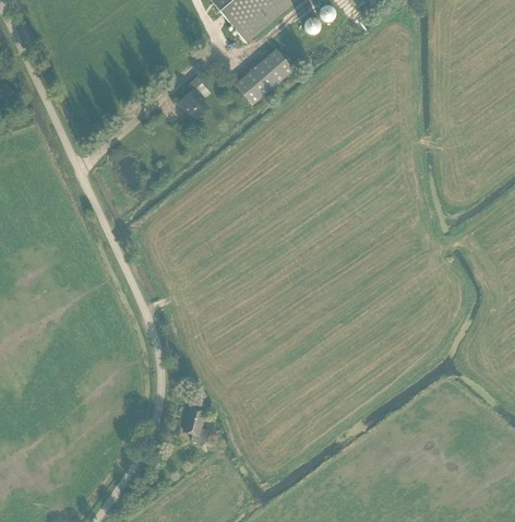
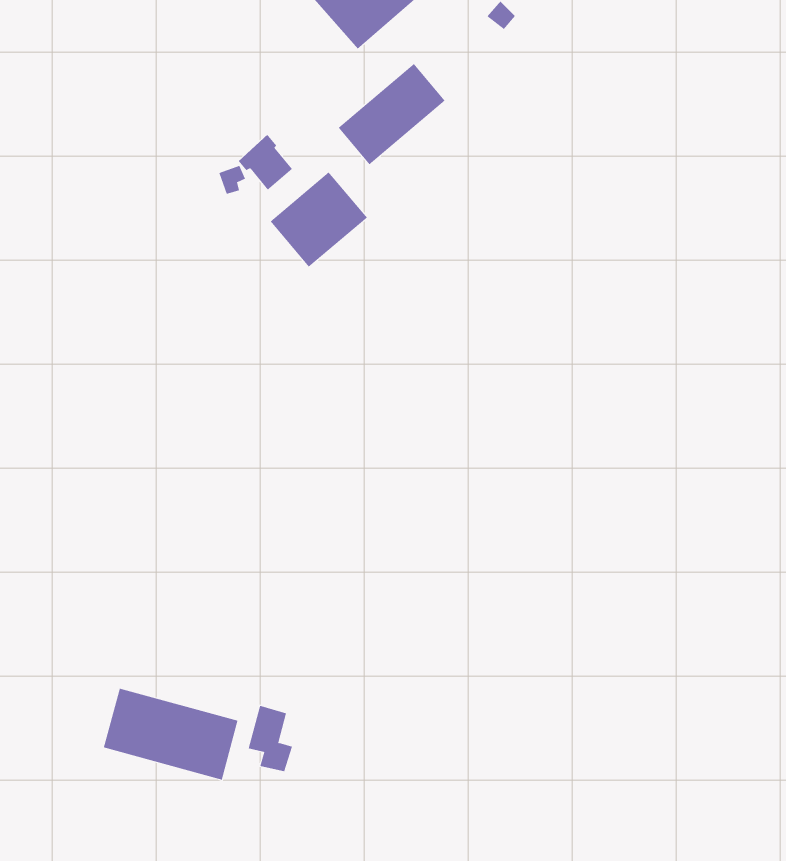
building: none -> [270,172,368,268]
building: none -> [103,688,238,780]

